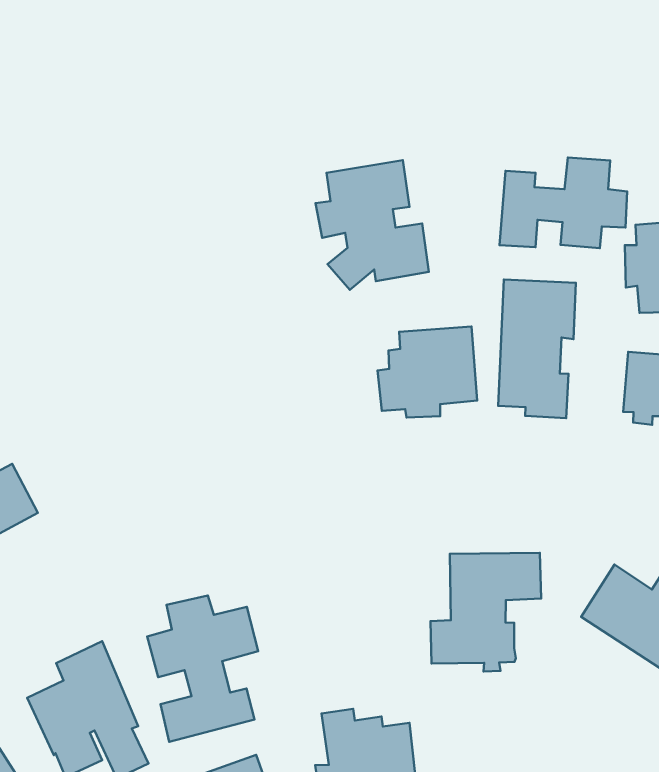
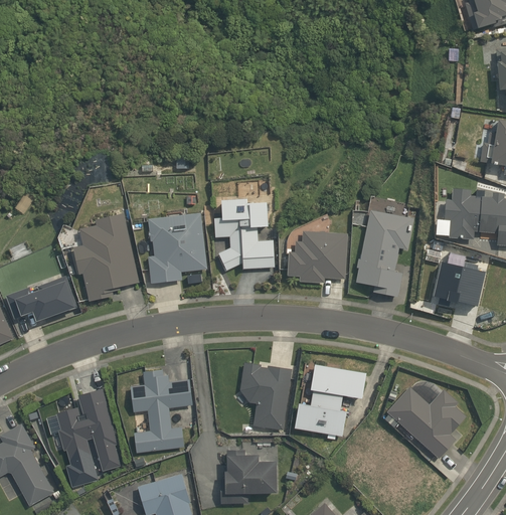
building: [499,157,627,248] -> none
building: [315,160,429,290] -> [213,199,275,272]
building: none -> [147,210,205,284]
building: none -> [70,214,141,303]
building: none -> [239,362,292,432]

